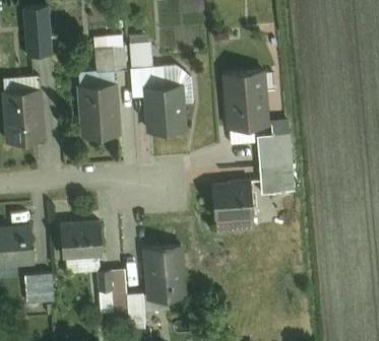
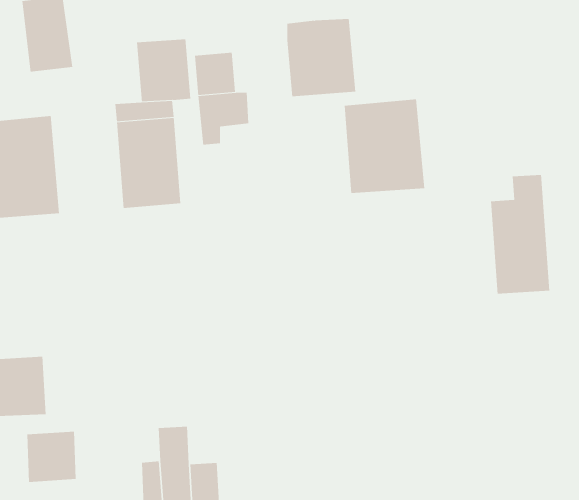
building: [144,85,187,133] -> [286,19,356,97]
building: [260,120,297,193] -> [490,175,550,294]
building: [214,184,259,219] -> none
building: [60,222,103,259] -> none
building: [144,247,186,298] -> none

